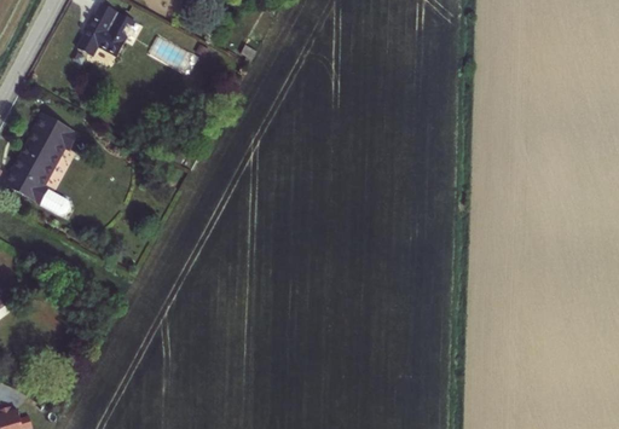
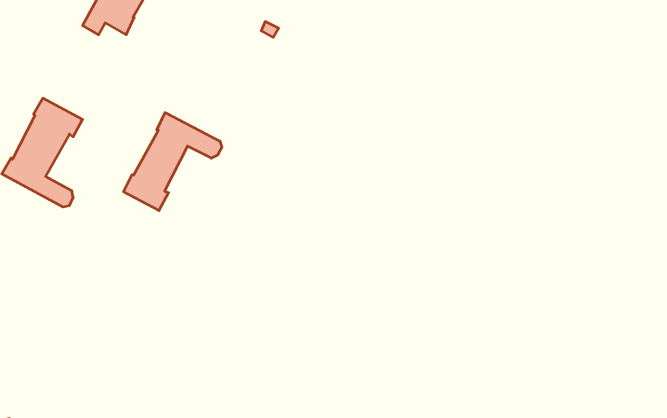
building: none -> [124,113,222,211]

